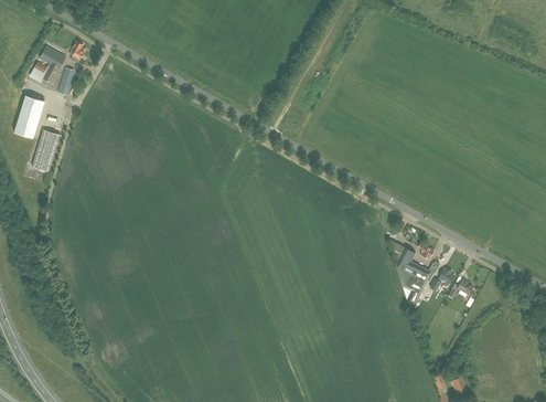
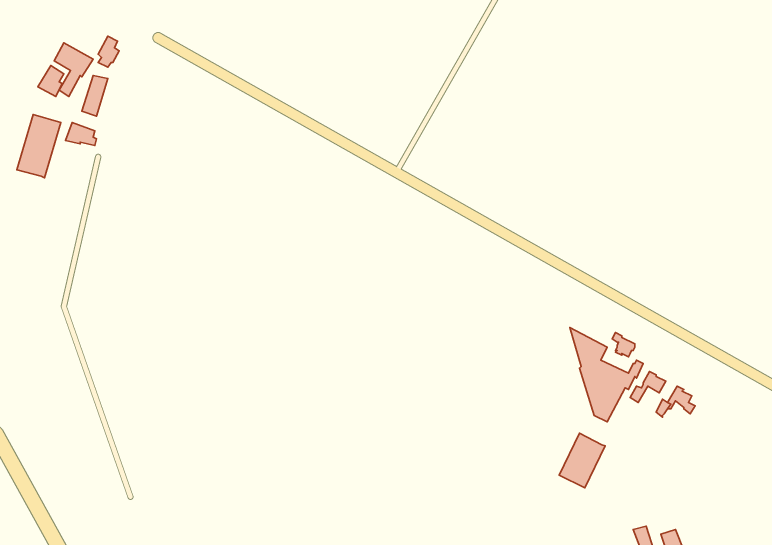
building: [32,129,61,171] -> none
building: none -> [559,433,605,488]

